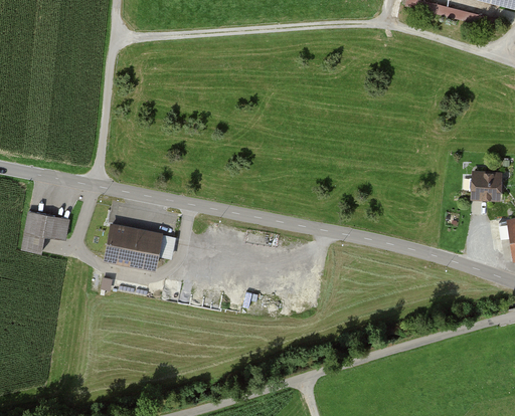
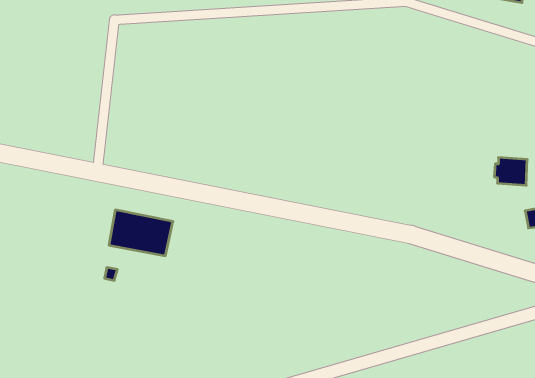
building: [22,211,72,253] -> none

